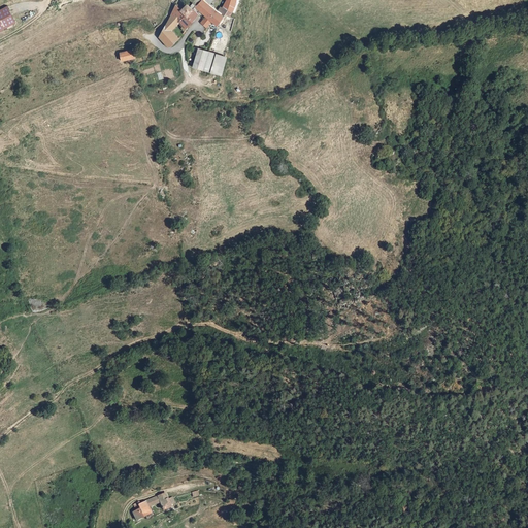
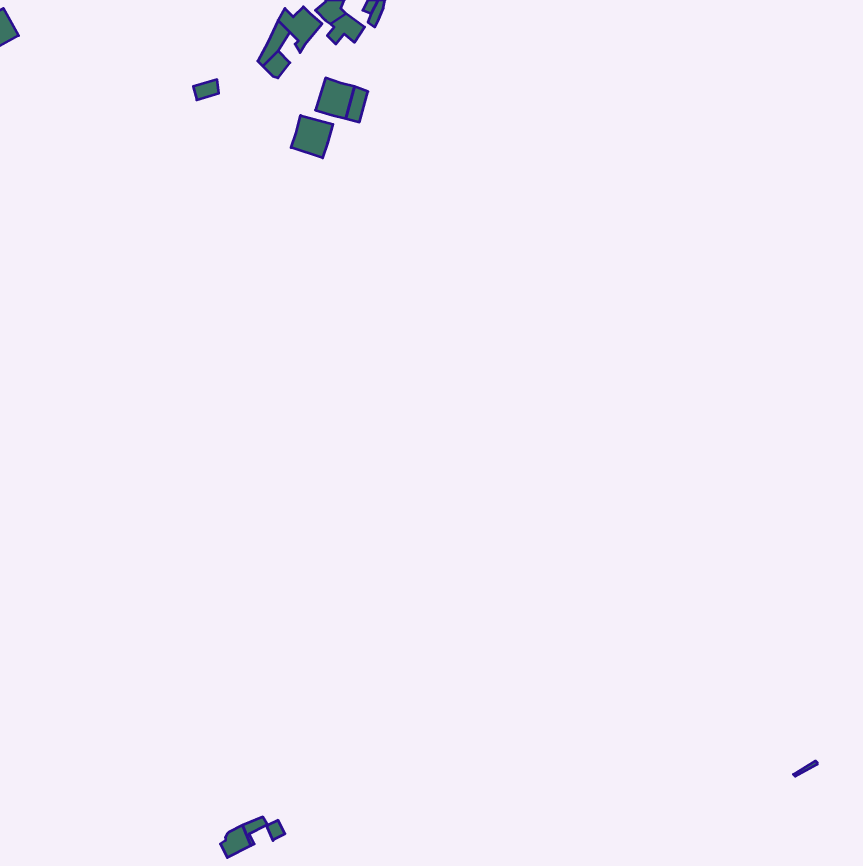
building: none -> [291,115,333,158]

